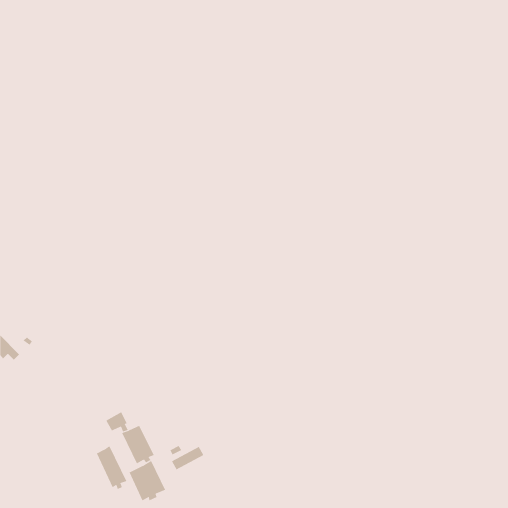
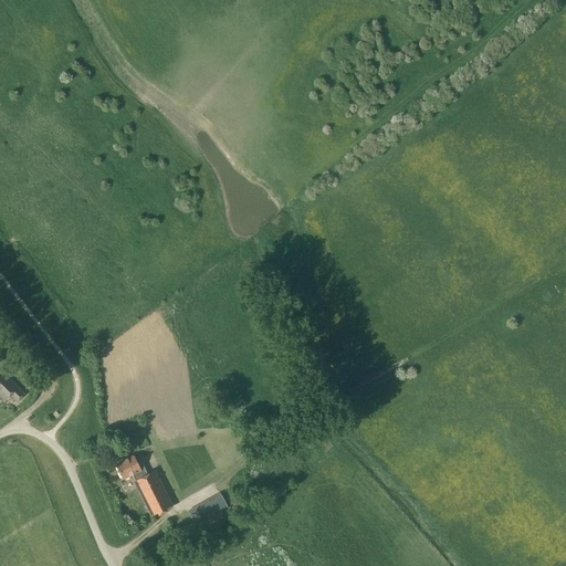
building: [96,446,127,490] -> none
building: [129,461,166,501] -> none

